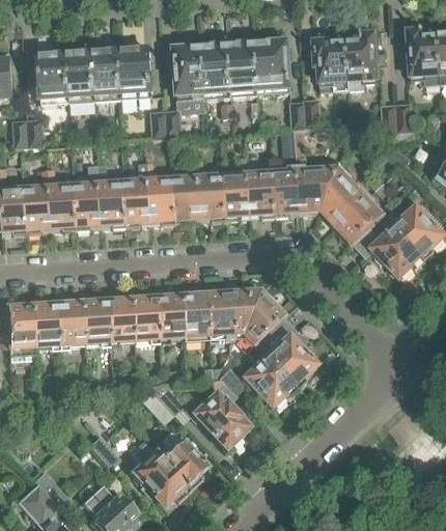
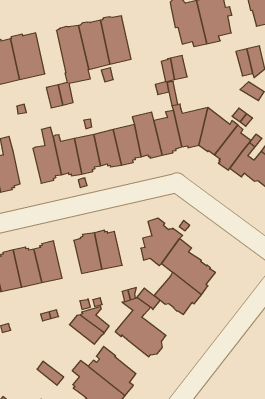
building: [253,38,290,94] -> none
building: [97,163,127,225] -> none
building: [204,287,248,339] -> none
building: [131,295,158,340] -> none

